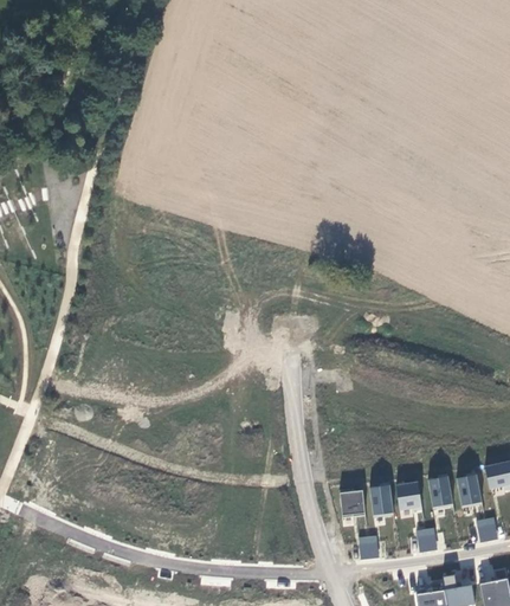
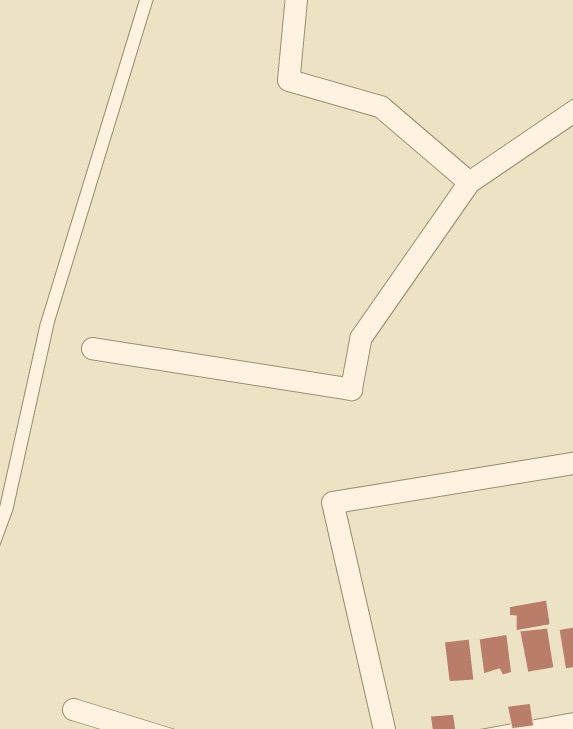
building: none -> [509,600,550,631]
building: [338,489,364,516] -> none

